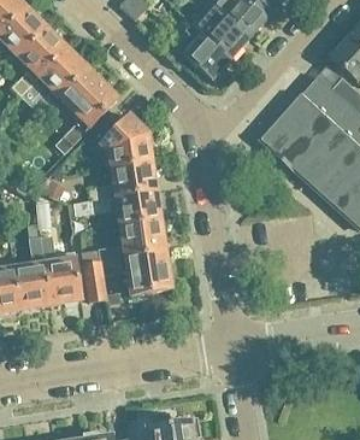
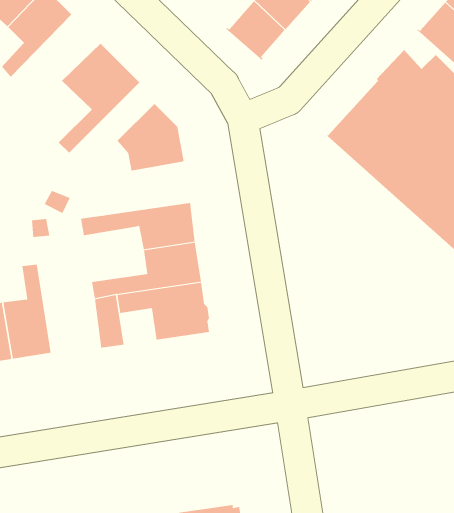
building: [20,46,89,104] -> none
building: [89,158,158,199] -> none
building: [41,234,82,304] -> none

